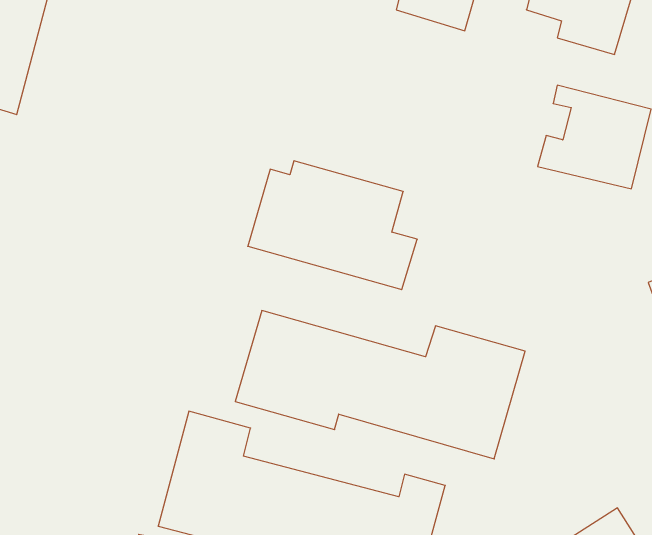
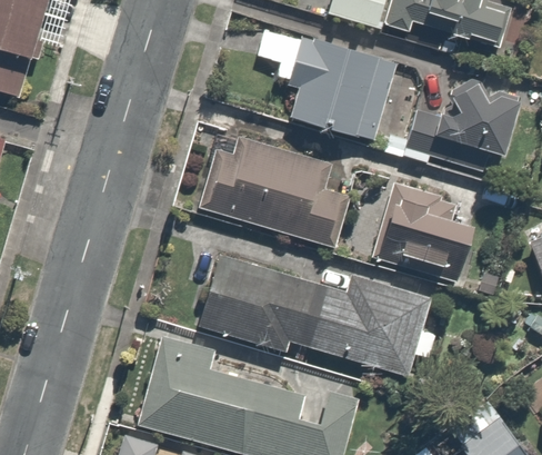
building: none -> [251,24,402,148]
building: none -> [378,181,481,271]

